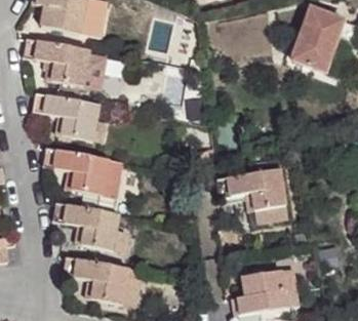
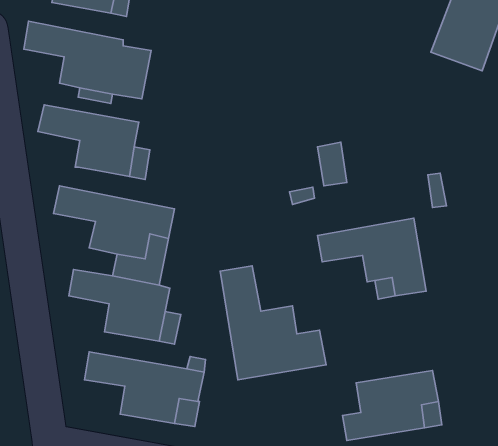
building: none -> [220,266,326,380]

